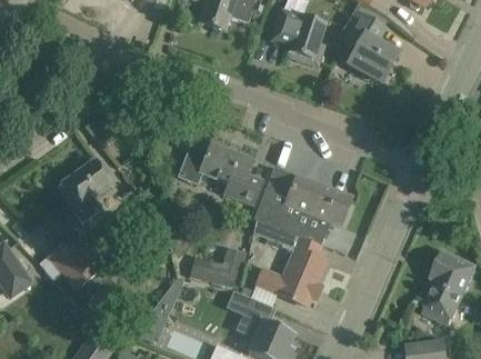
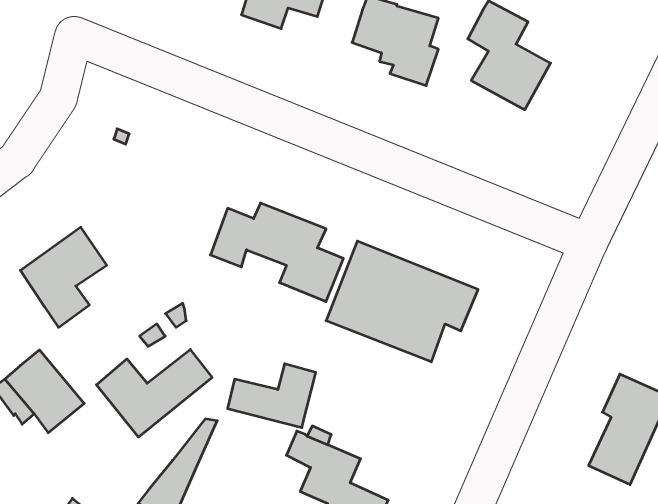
building: [252,218,324,305] -> none
building: none -> [96,349,212,437]

